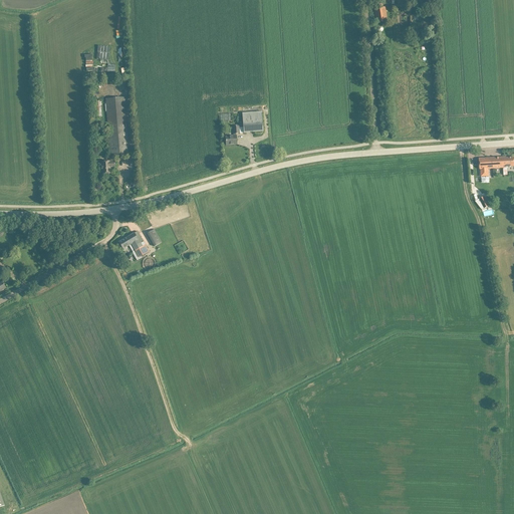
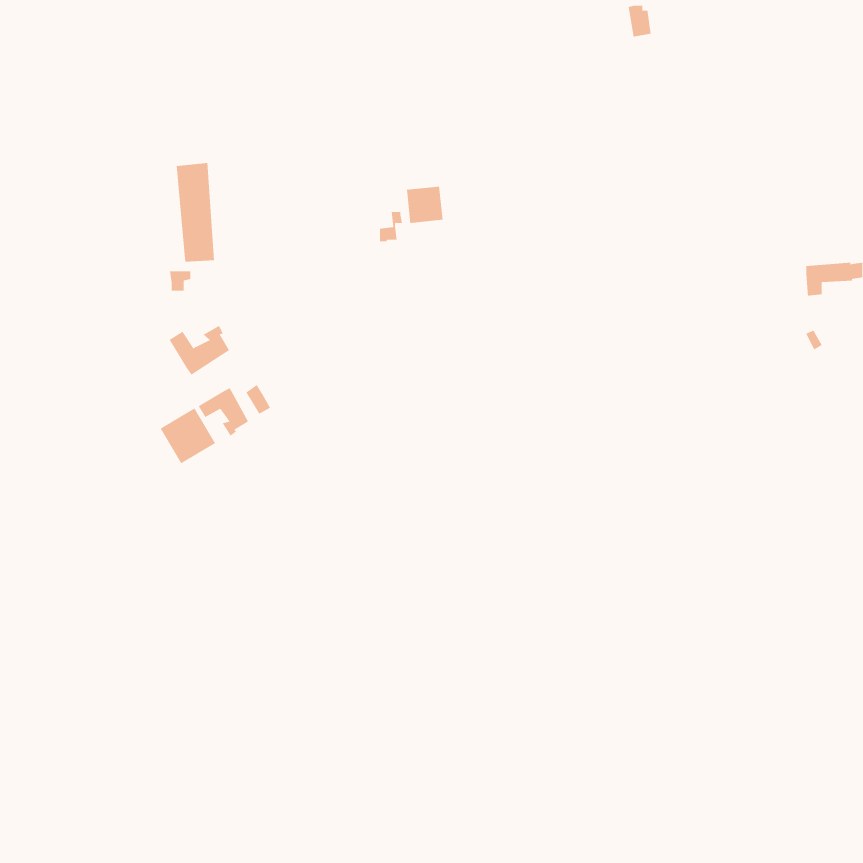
building: none -> [169,325,230,376]
building: none -> [160,407,216,464]

